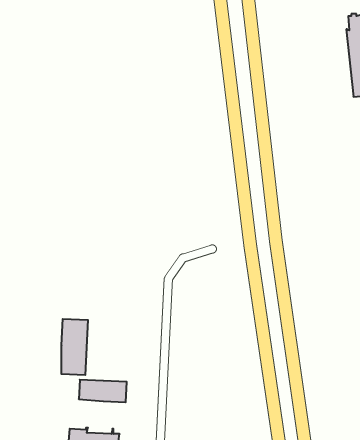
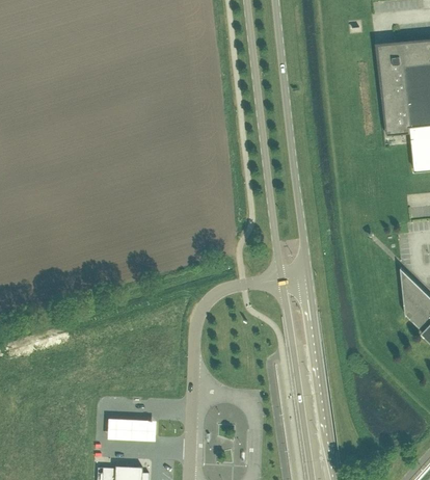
building: [61,319,88,375] -> none

